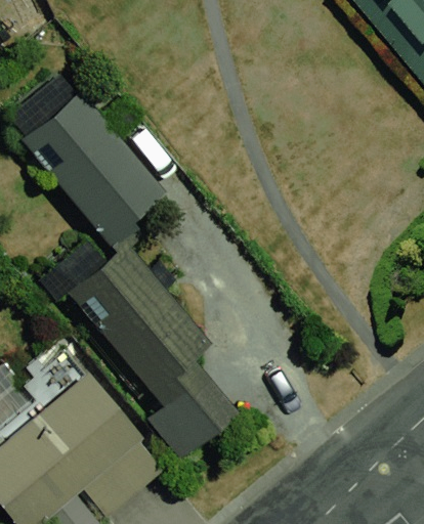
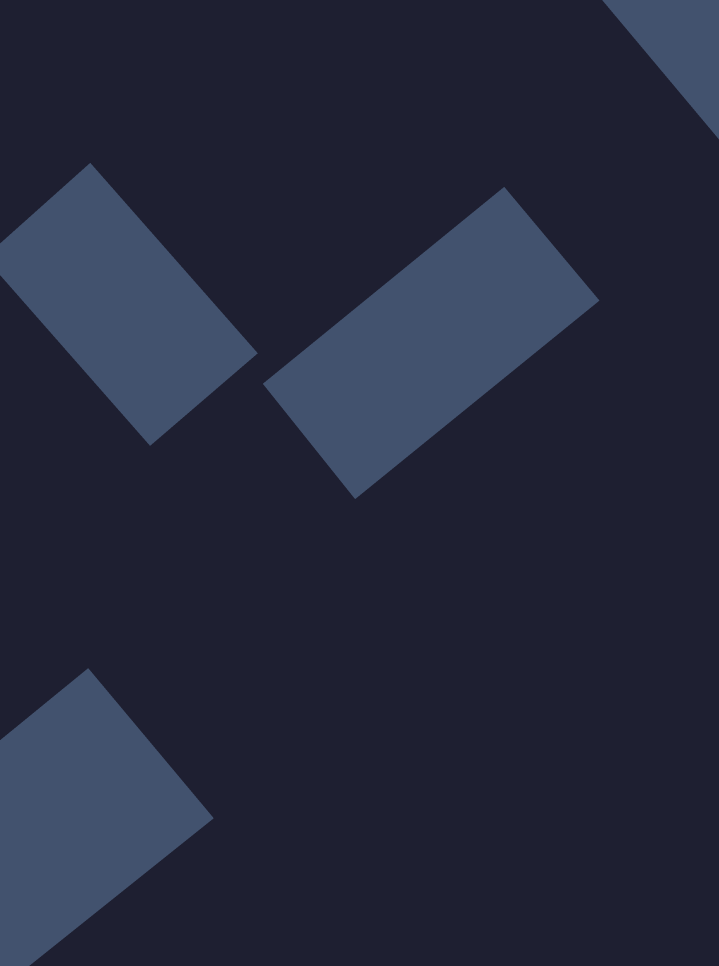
building: none -> [262,186,600,500]
building: [69,244,237,463] -> none

